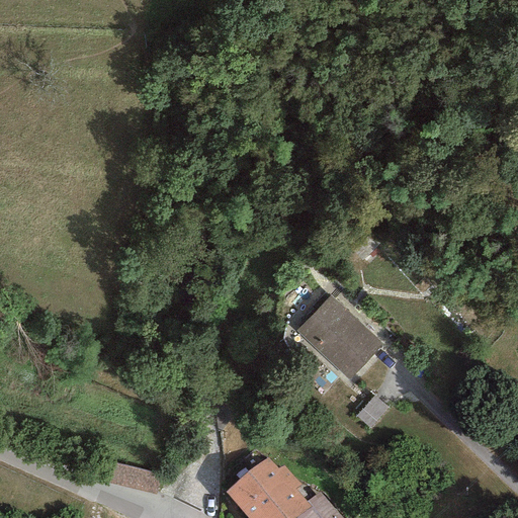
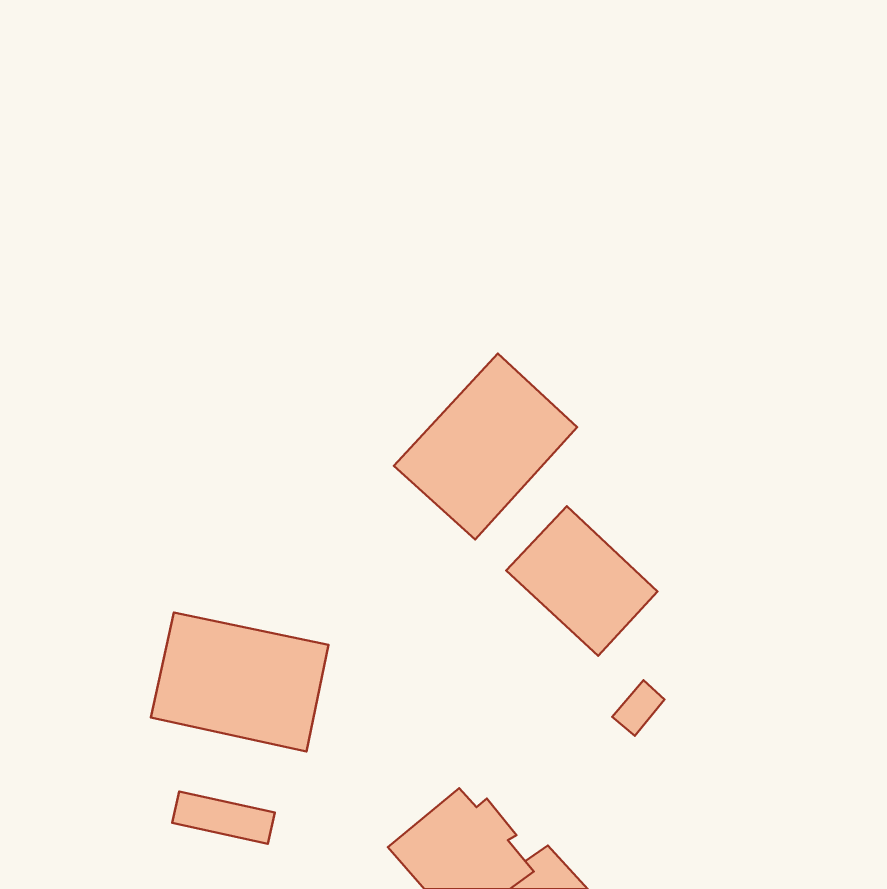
building: none -> [394,353,577,540]
building: none -> [151,613,329,752]

